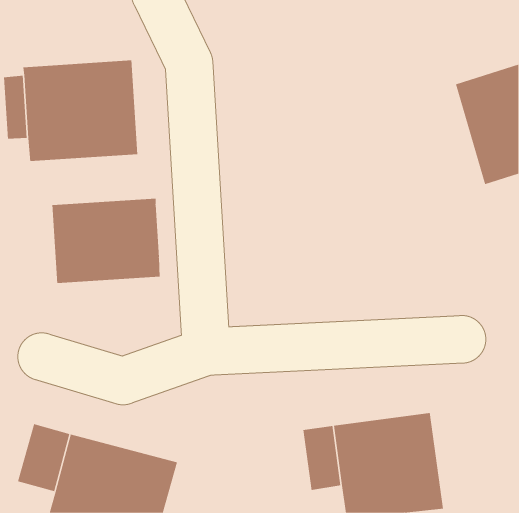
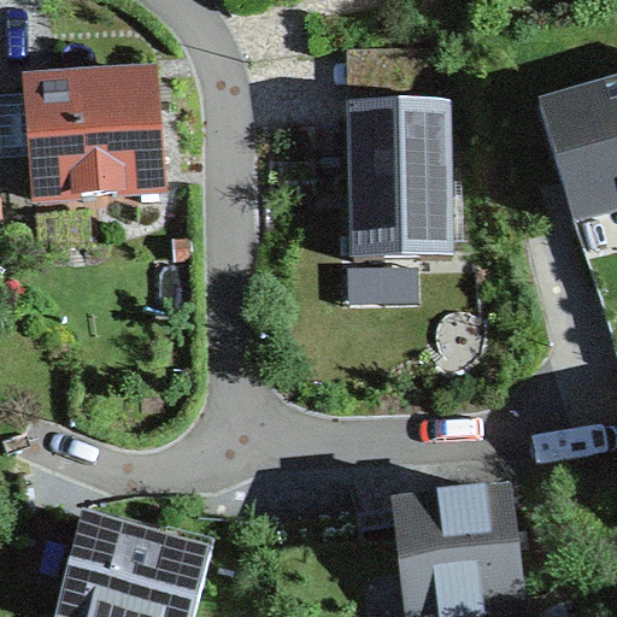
building: none -> [357,106,457,258]
building: [52,198,160,284] -> none

